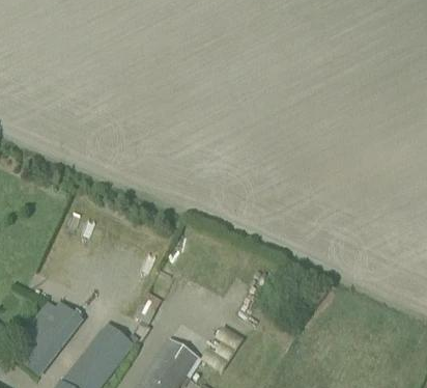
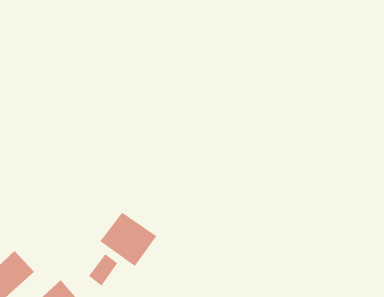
building: none -> [100,212,157,267]

